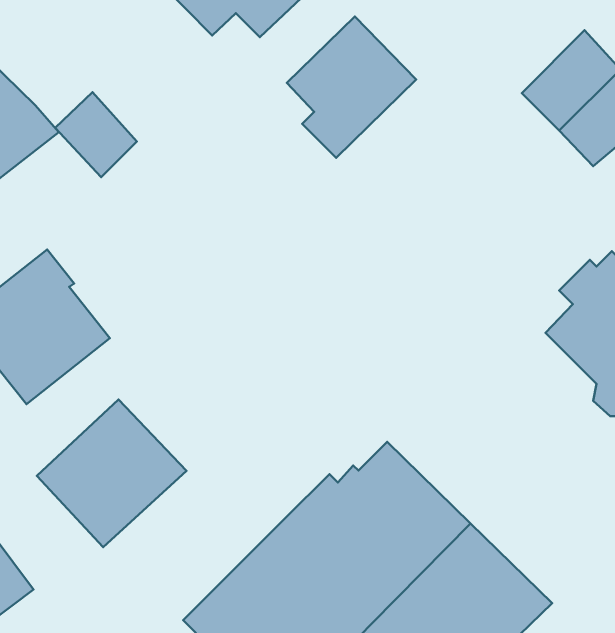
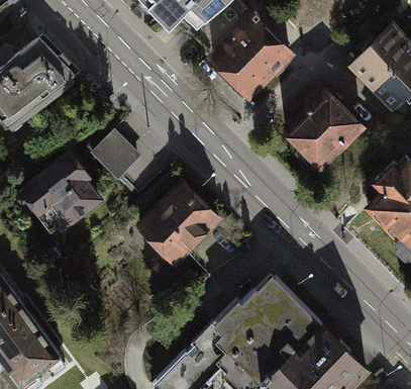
building: [55,92,137,177] -> [91,133,139,184]
building: none -> [284,90,361,174]
building: [37,399,187,547] -> [134,177,223,265]

